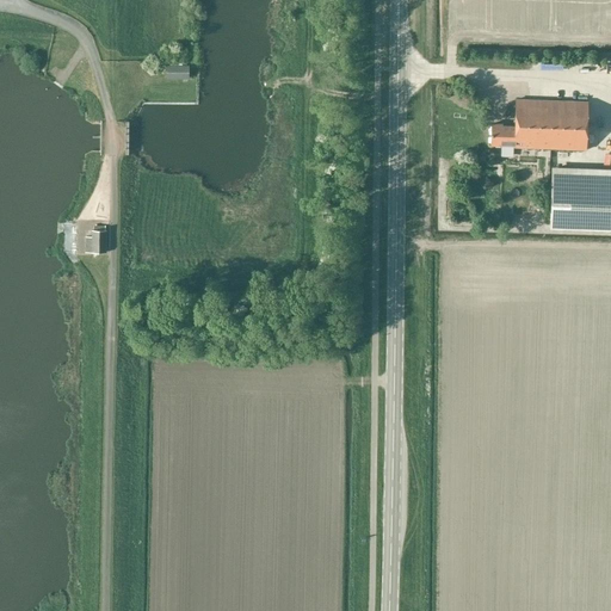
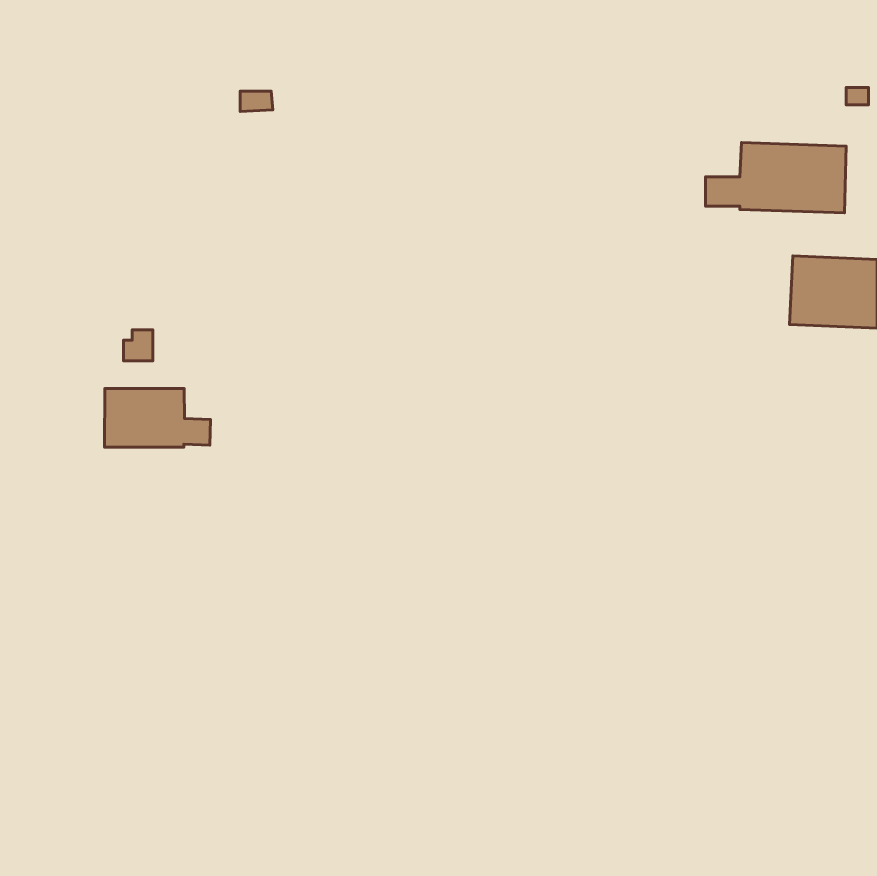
building: none -> [104,388,210,447]

